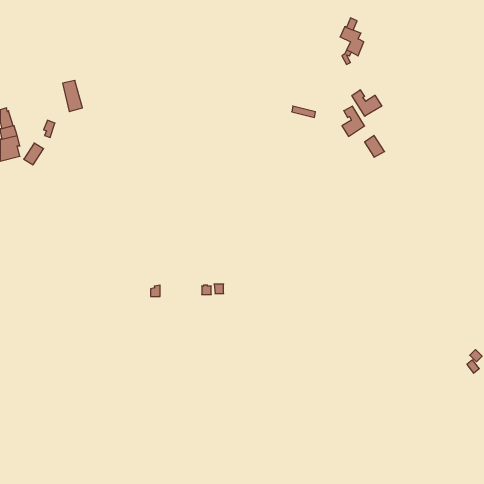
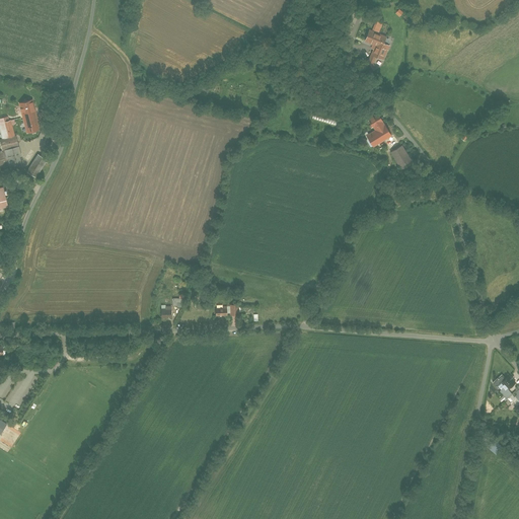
building: [63,80,82,112] -> [18,99,40,133]
building: [352,90,382,116] -> none

